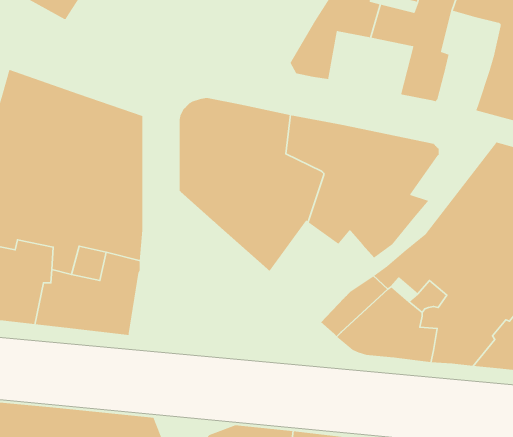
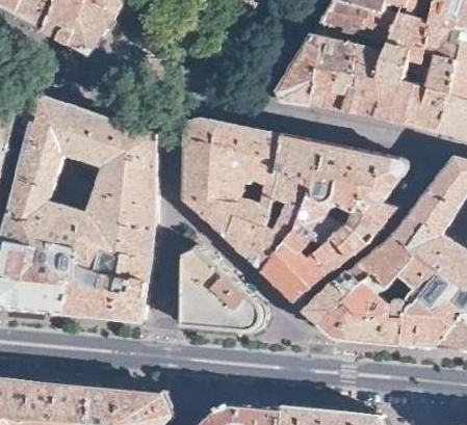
building: none -> [403,53,455,132]
building: none -> [310,65,381,118]
building: none -> [260,225,348,301]
building: none -> [180,247,261,330]

